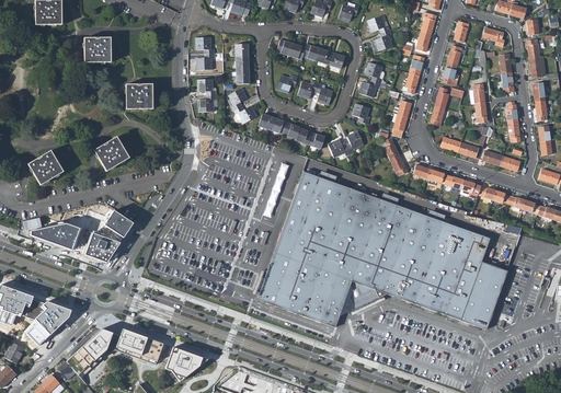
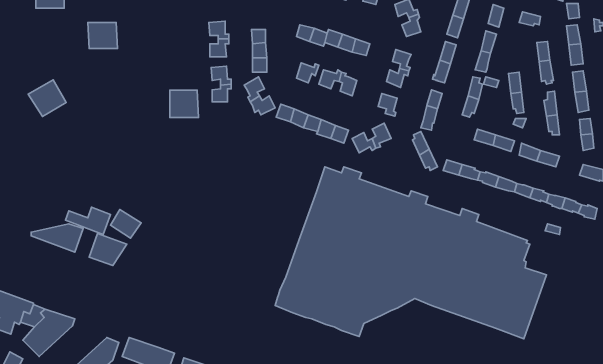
building: [126,83,152,108] -> [170,90,198,117]
building: [93,136,128,171] -> none
building: [27,150,62,184] -> [28,80,66,117]

